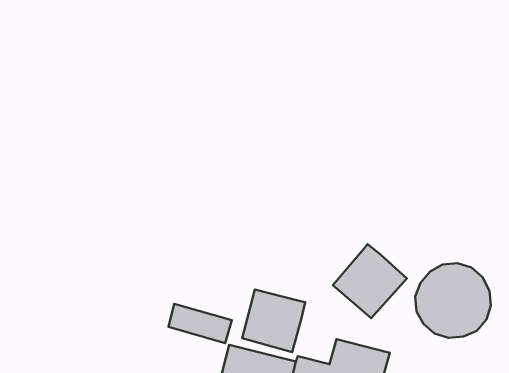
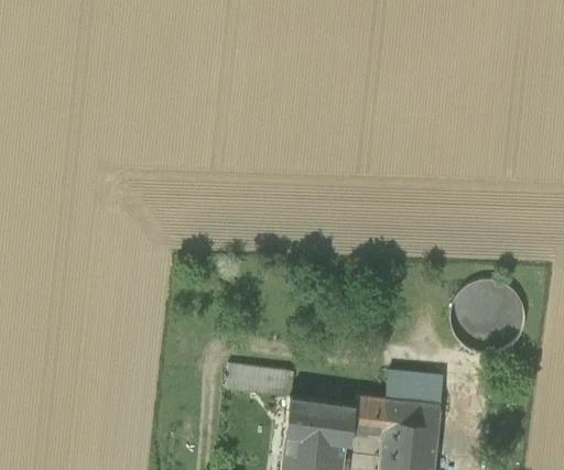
building: [333,244,407,318] -> none
building: [242,290,305,352] -> none

